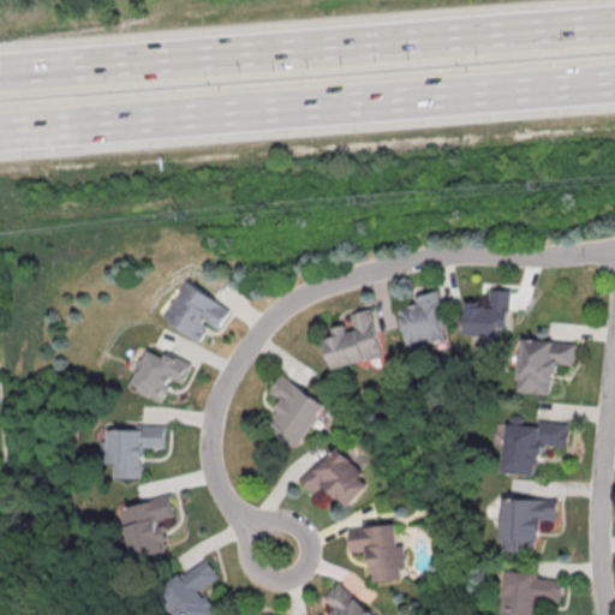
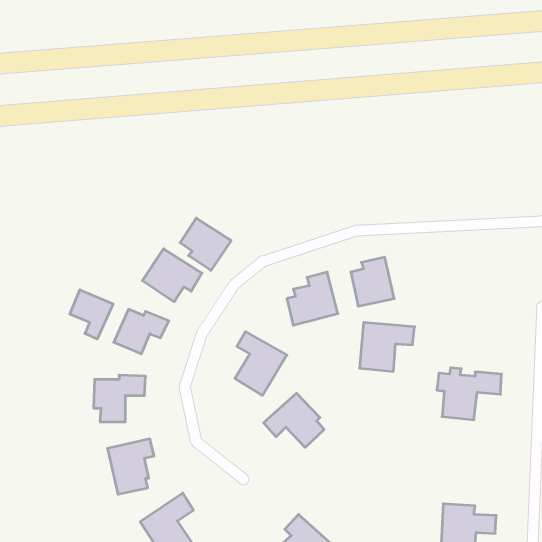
building: none -> [180,218,231,270]
building: [462,289,508,336] -> none
building: none -> [70,290,113,339]
building: [512,340,574,395] -> [359,322,415,371]
building: [500,500,556,553] -> none
building: [347,525,405,583] -> none

